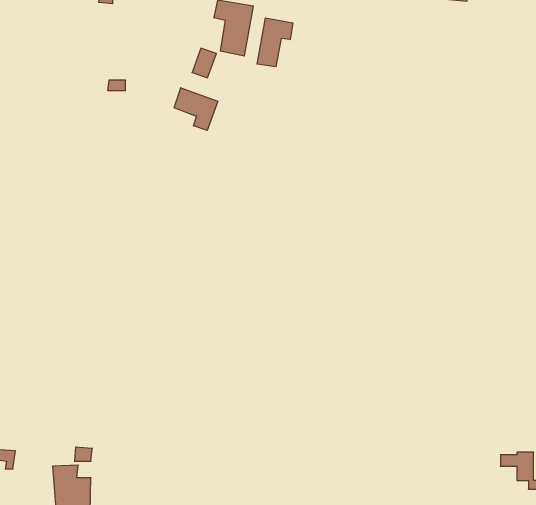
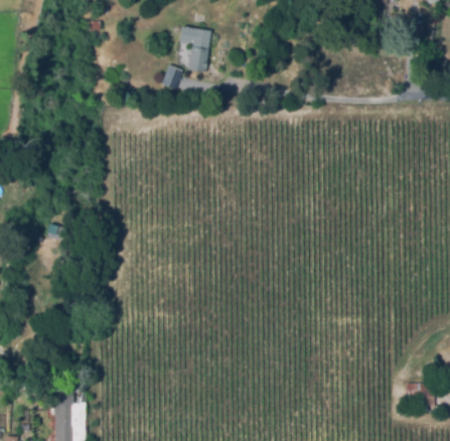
building: [257,18,293,67] -> none
building: [174,88,218,130] -> none

